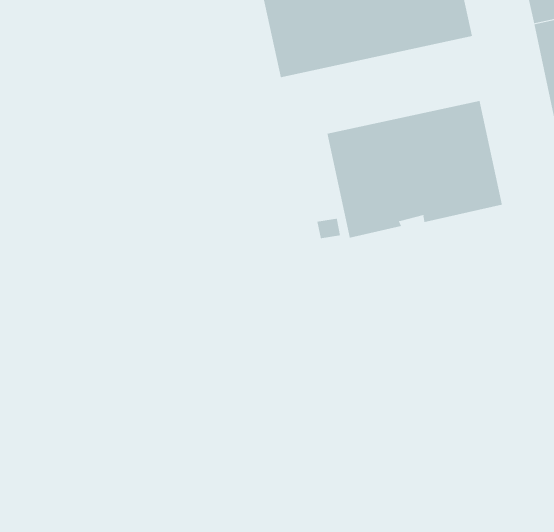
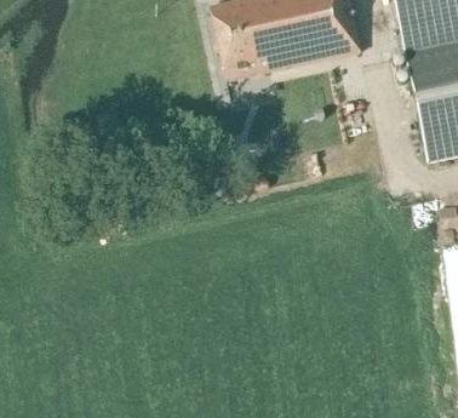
building: [327,100,503,238] -> none

